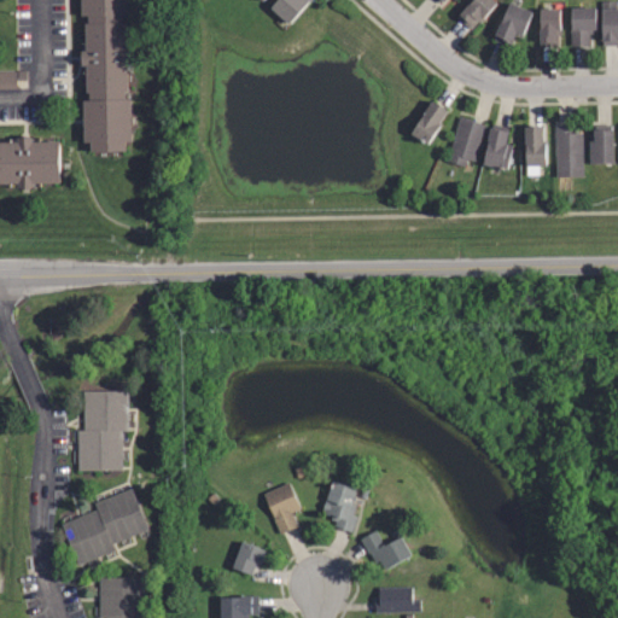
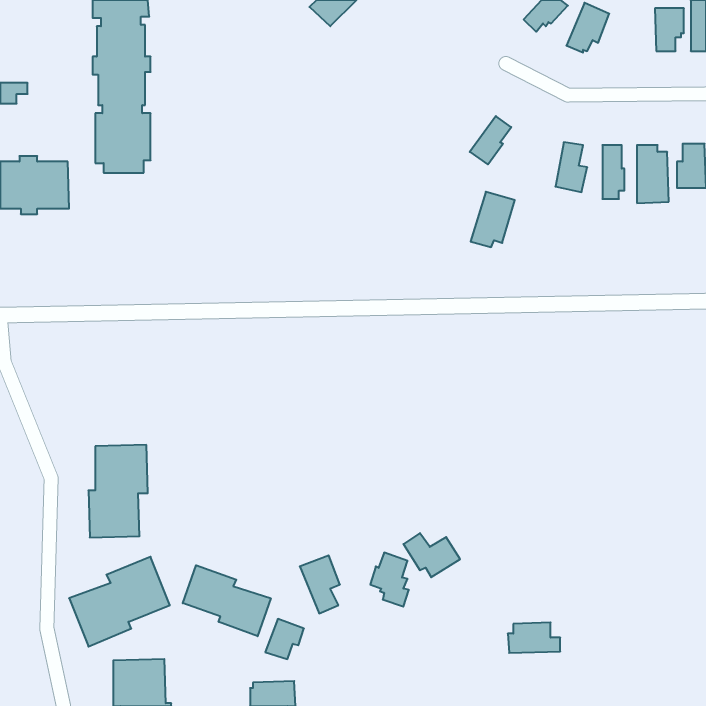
building: [541,8,561,46] -> none
building: [448,117,486,165] -> [471,192,515,247]
building: none -> [183,565,271,636]
building: [361,530,410,569] -> [403,533,460,577]
building: [373,584,419,611] -> [508,622,560,653]

